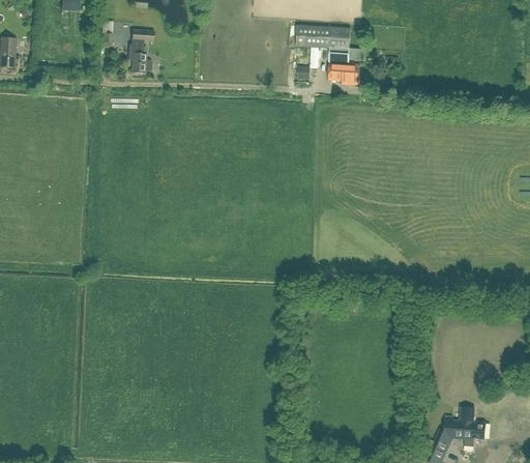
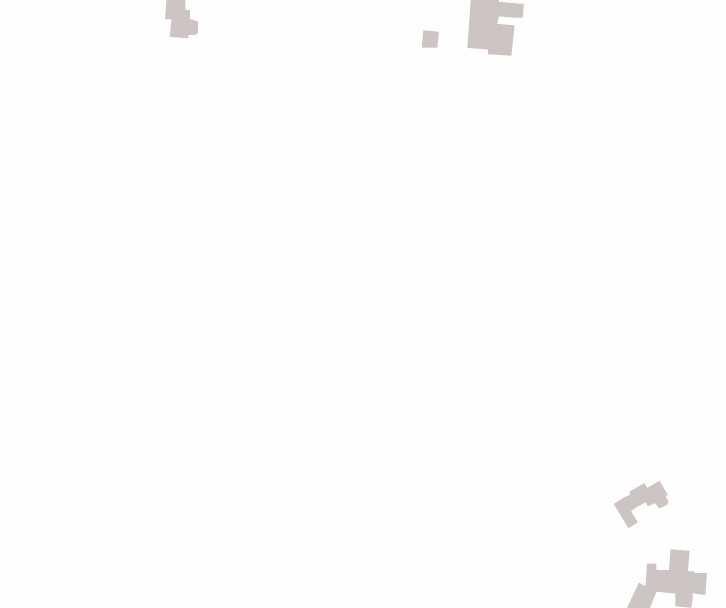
building: none -> [612,479,669,529]

